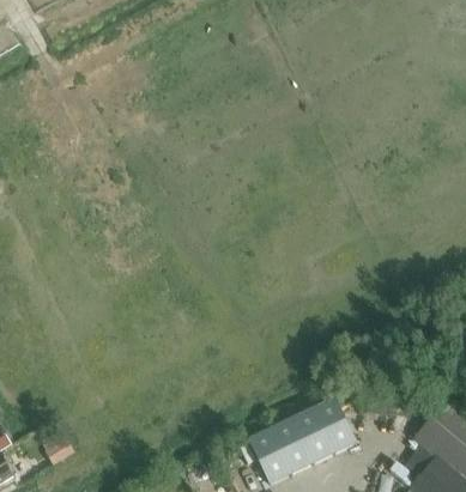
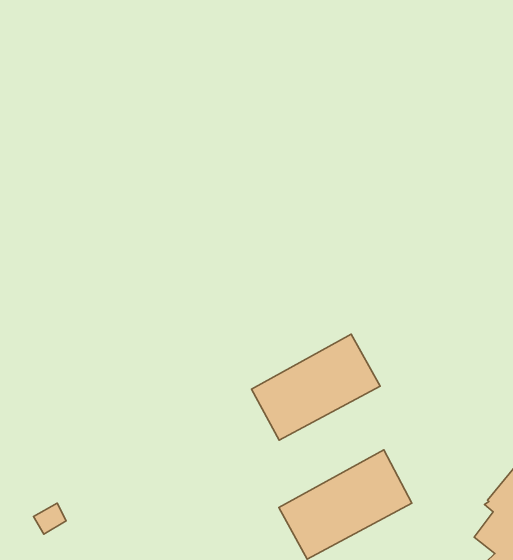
building: none -> [251,334,380,440]

